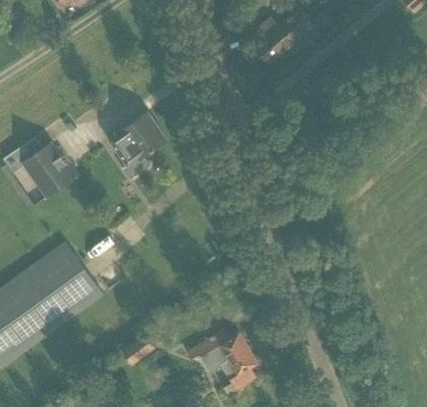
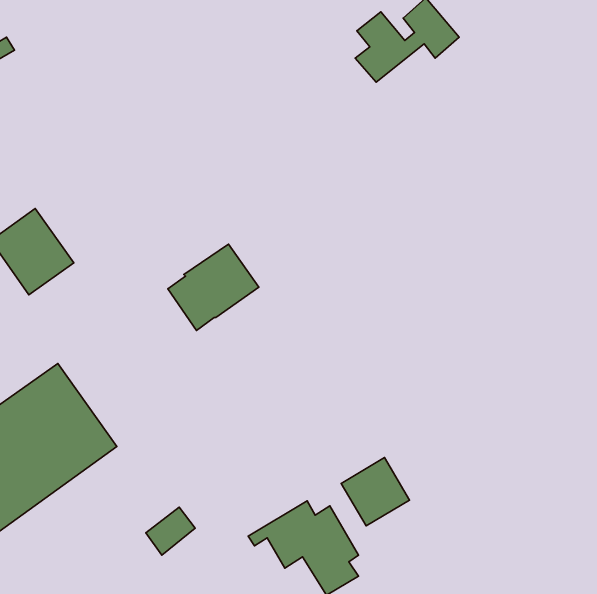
building: [108,111,166,166] -> [168,244,259,330]
building: none -> [341,458,409,526]

